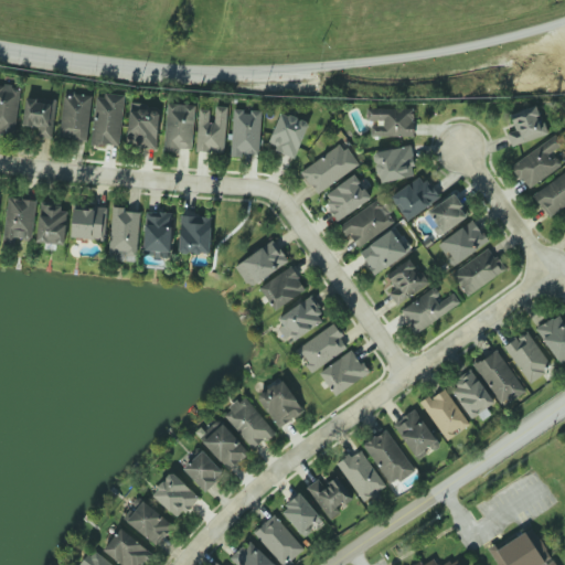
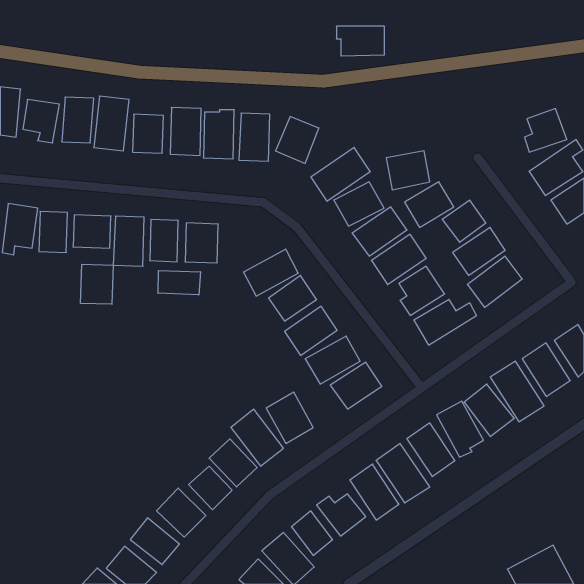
building: [366,108,413,137] -> [336,26,384,56]
building: none -> [81,264,113,304]
building: none -> [158,271,200,295]

